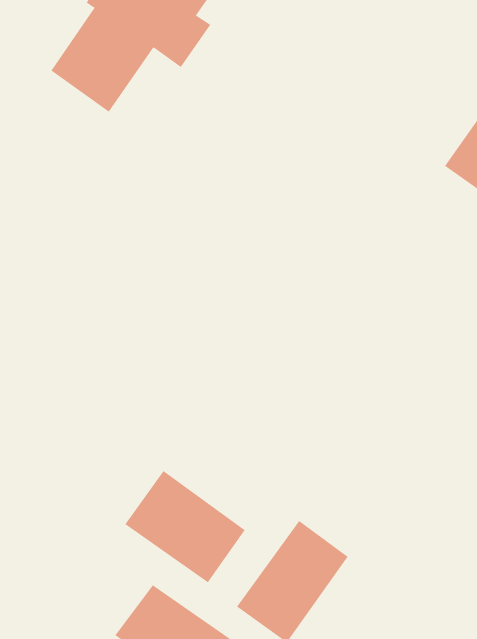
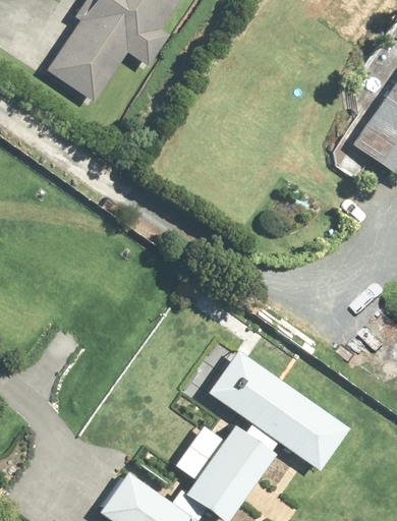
building: none -> [213,346,351,465]
building: [125,470,245,583] -> none

